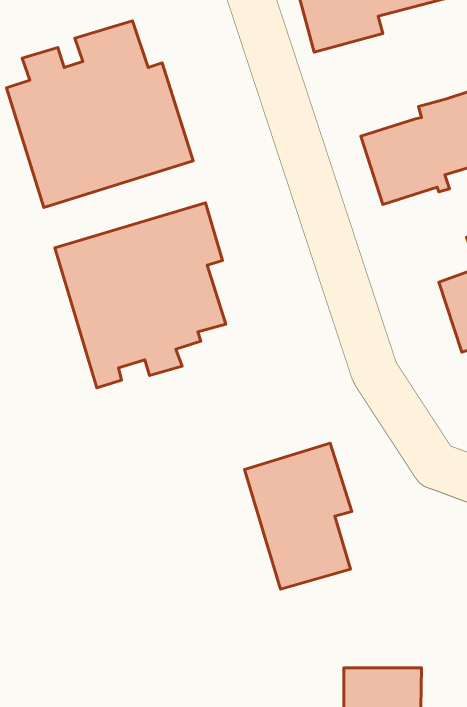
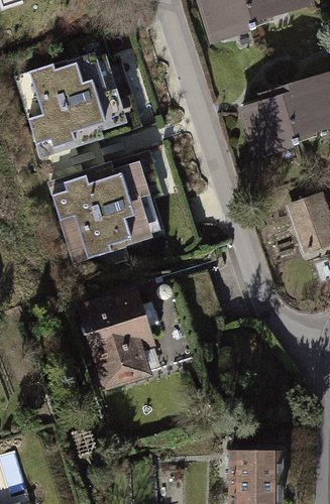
building: [245,443,352,589] -> [84,296,153,391]

